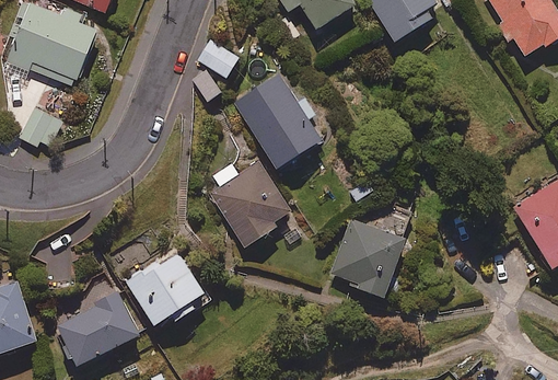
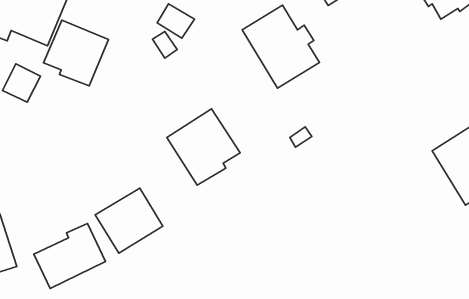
building: none -> [43,20,108,86]
building: [232,73,321,169] -> [242,5,320,88]
building: [329,217,404,297] -> none

